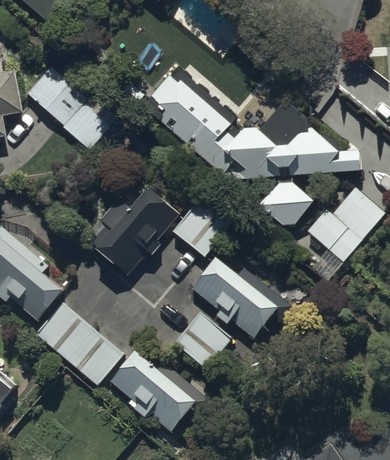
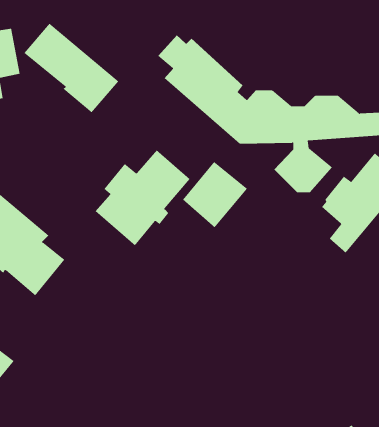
building: [188,253,290,340] -> none
building: [34,301,123,385] -> none
building: [173,309,233,368] -> none
building: [104,346,210,432] -> none

